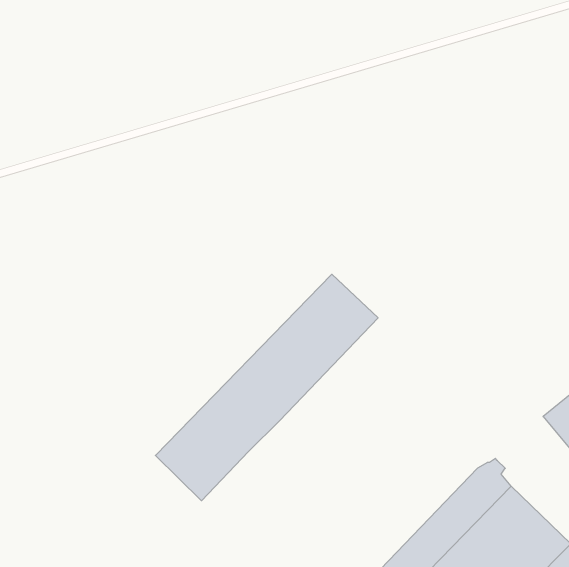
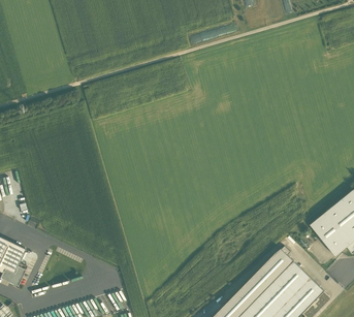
building: [155,274,378,501] -> none

